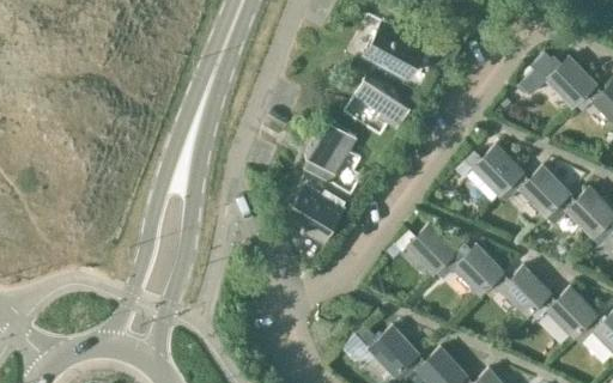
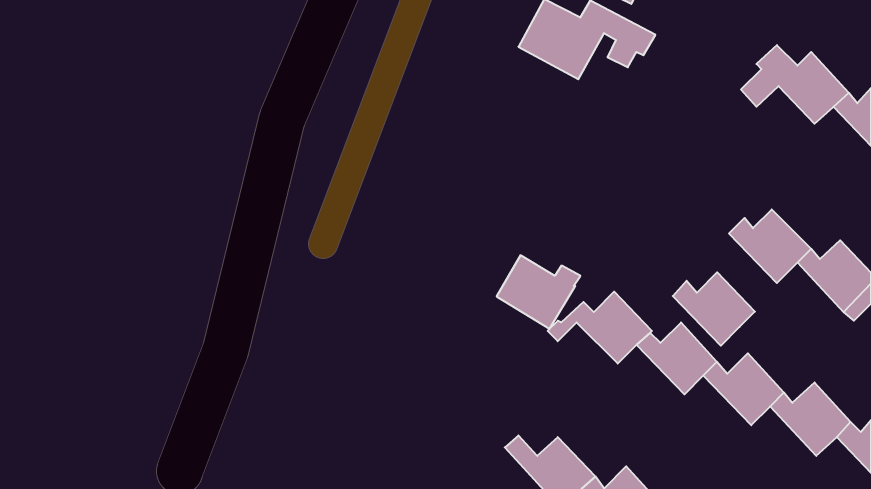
building: [352,75,411,132] -> none
building: [306,123,354,175] -> none
building: [466,146,523,197] -> [673,272,755,346]
building: [287,188,346,239] -> [497,255,580,329]

